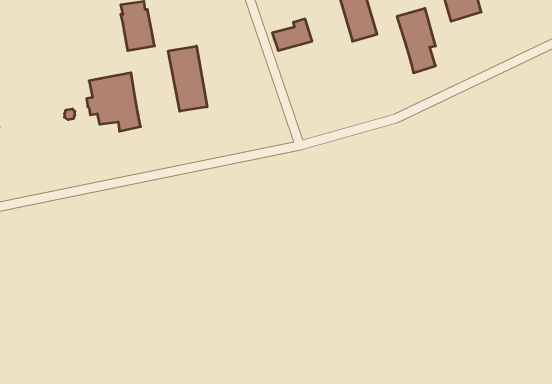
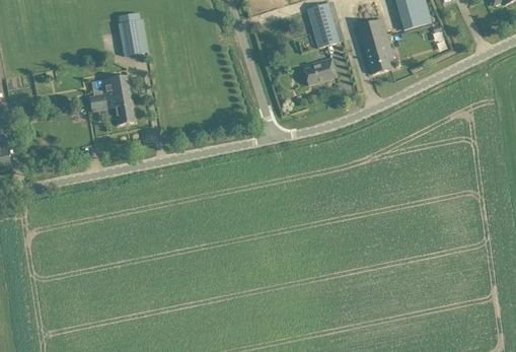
building: [272,19,312,50] -> [303,57,338,84]
building: [168,46,207,111] -> none

